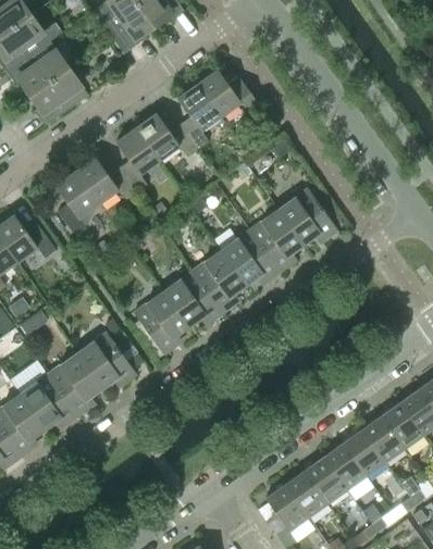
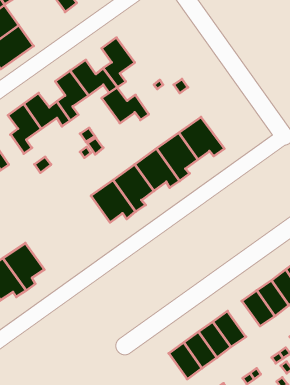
building: [197,70,259,116] -> [102,88,149,123]
building: [134,291,188,354] -> none
building: [77,332,136,388] -> none
building: [343,429,385,476] -> none

